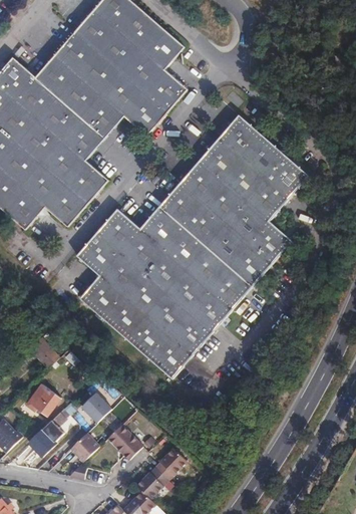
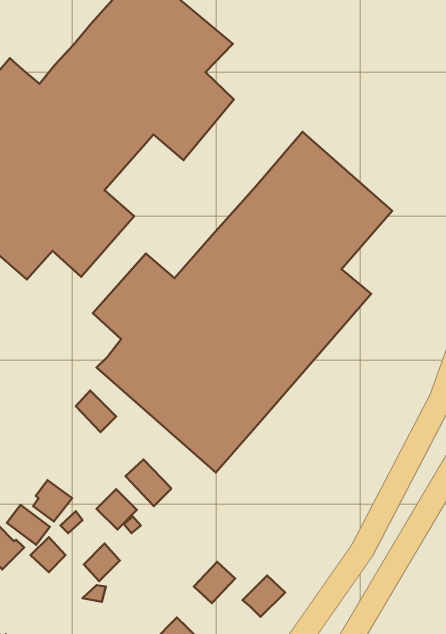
building: [28,337,59,369] -> [76,391,116,432]
building: none -> [7,505,50,545]
building: [107,424,142,460] -> [125,459,171,506]
building: [135,467,168,499] -> [242,576,285,617]

